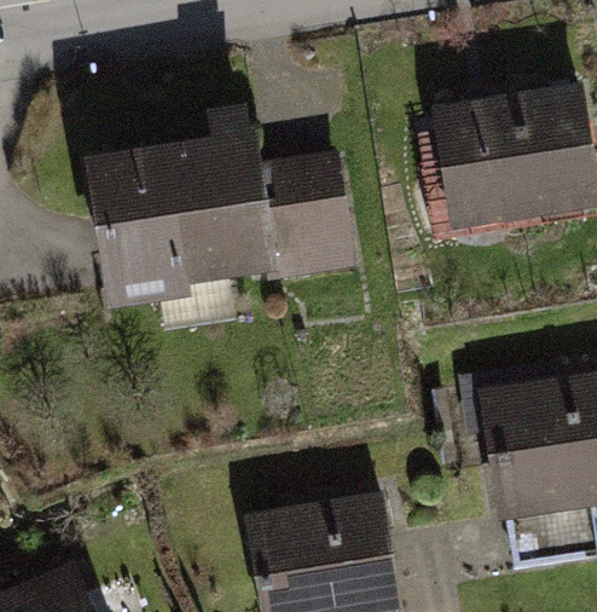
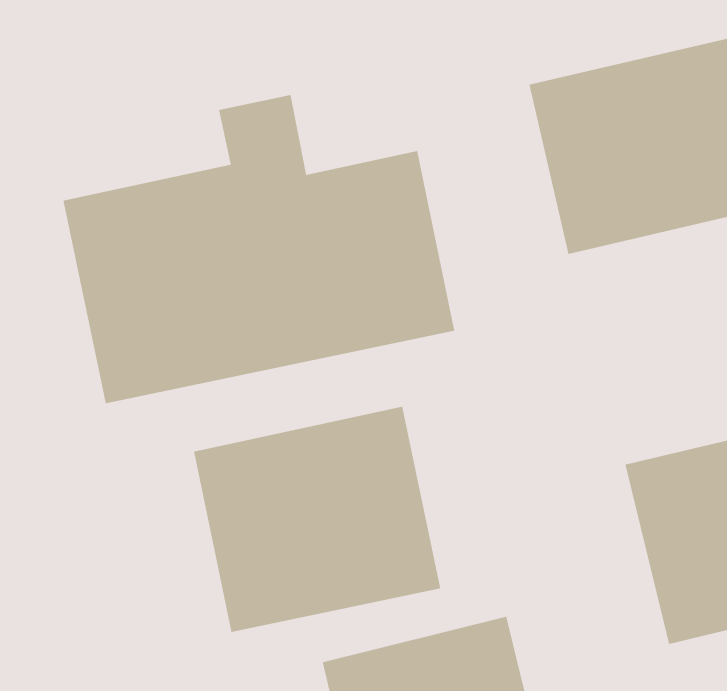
building: none -> [193,406,441,633]

